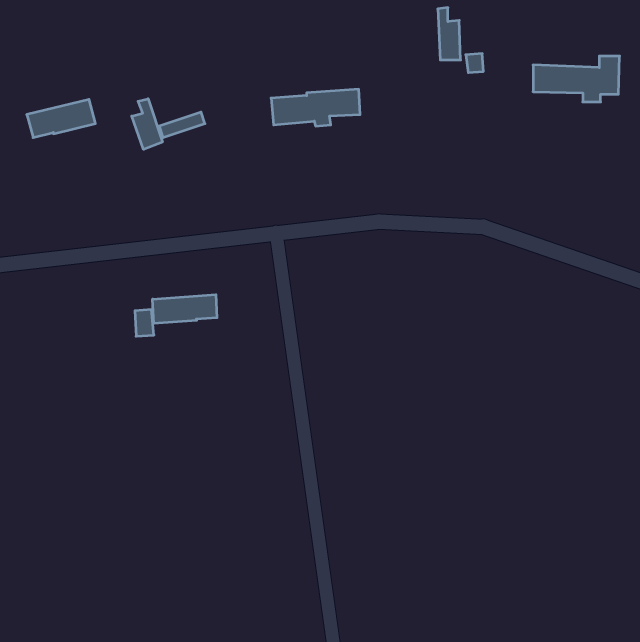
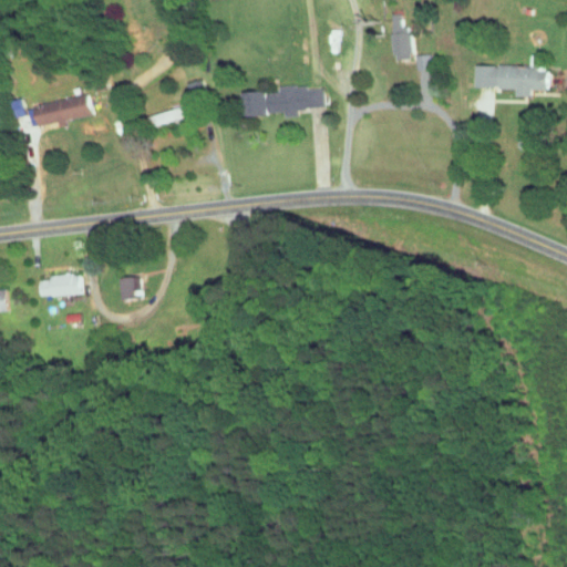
building: [132,99,162,149] -> none
building: [153,295,217,323] -> none
building: none -> [41,274,81,297]

